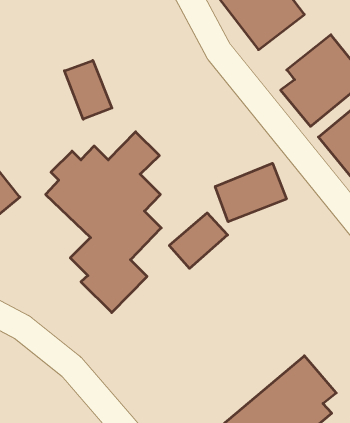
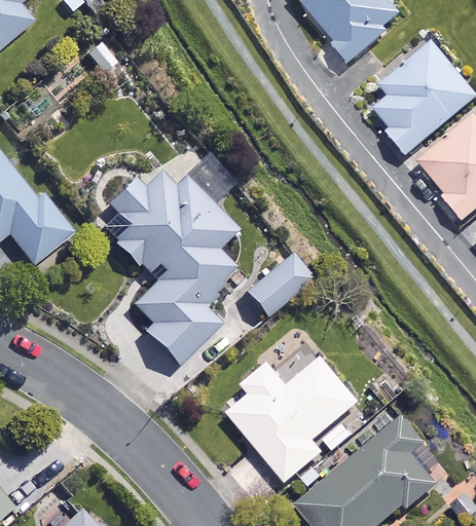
building: [64,60,112,119] -> none
building: [215,163,286,222] -> none
building: none -> [229,356,359,480]

